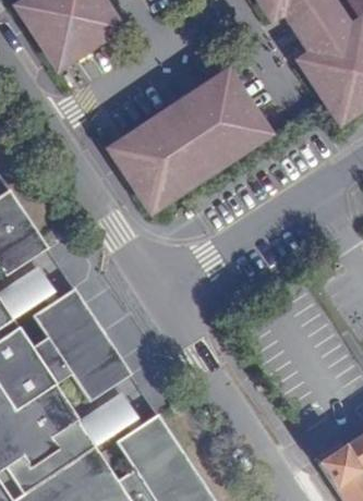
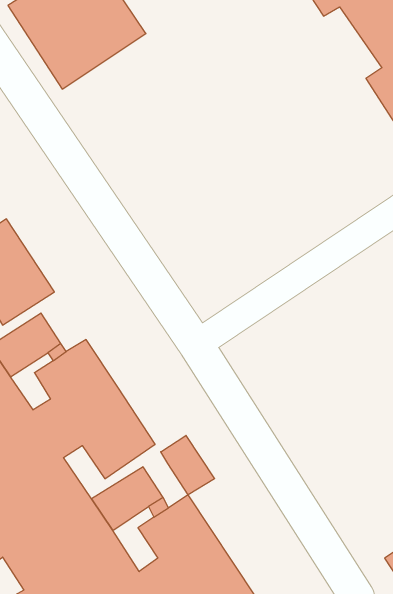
building: [101,72,270,219] -> none
building: none -> [161,435,215,495]

